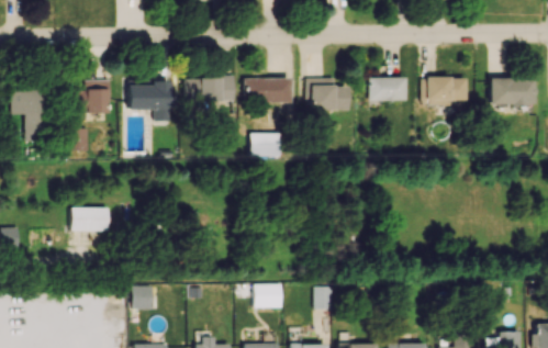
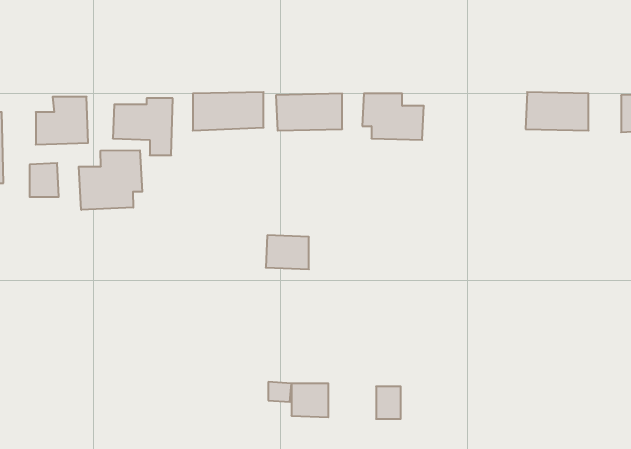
building: [369,77,406,102] -> none
building: none -> [79,150,142,210]
building: [249,133,280,157] -> [266,235,309,269]
building: [70,207,109,232] -> none
building: [131,285,154,310] -> none

